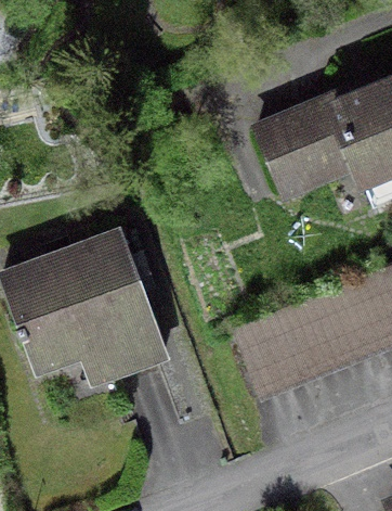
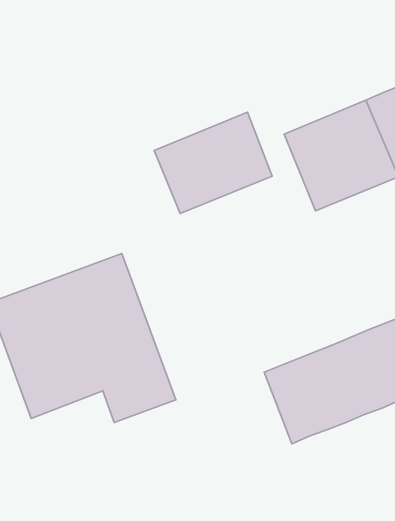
building: none -> [154,112,272,214]

